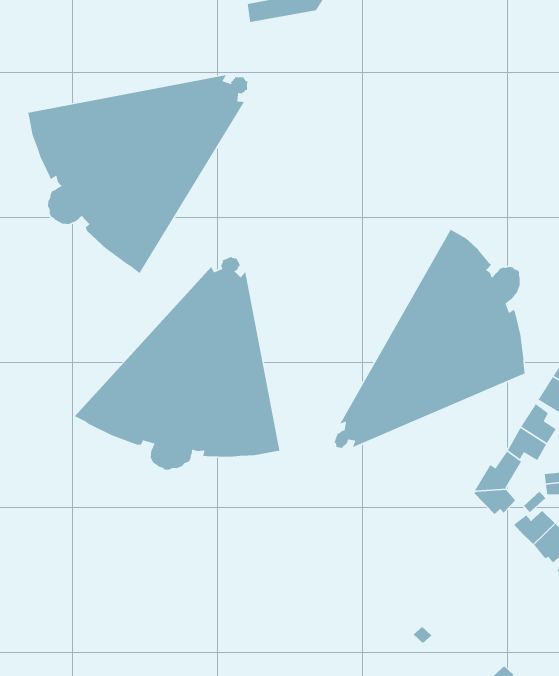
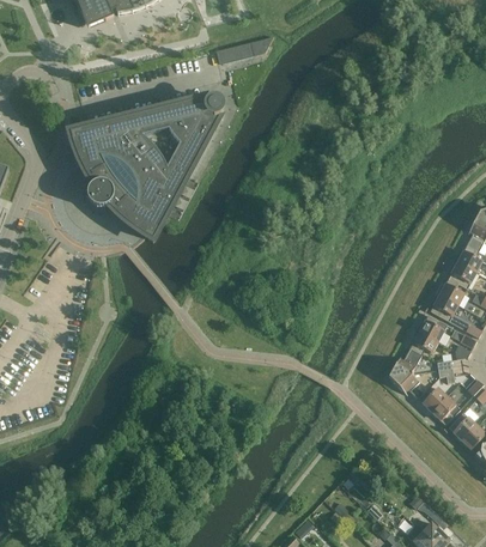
building: [333,227,526,449] -> none
building: [74,256,280,470] -> none

